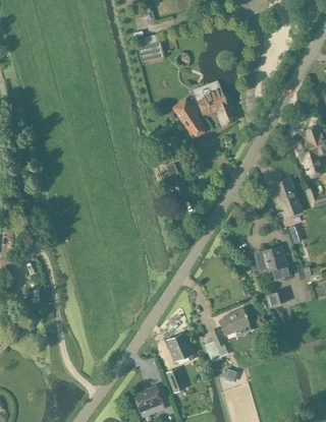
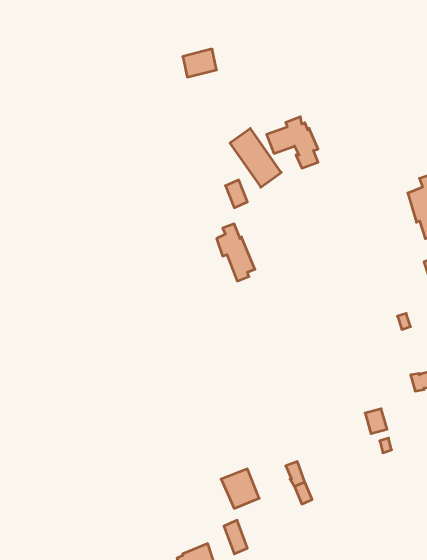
building: [273,178,303,218] -> none
building: [258,246,290,281] -> none
building: [218,309,250,336] -> none

